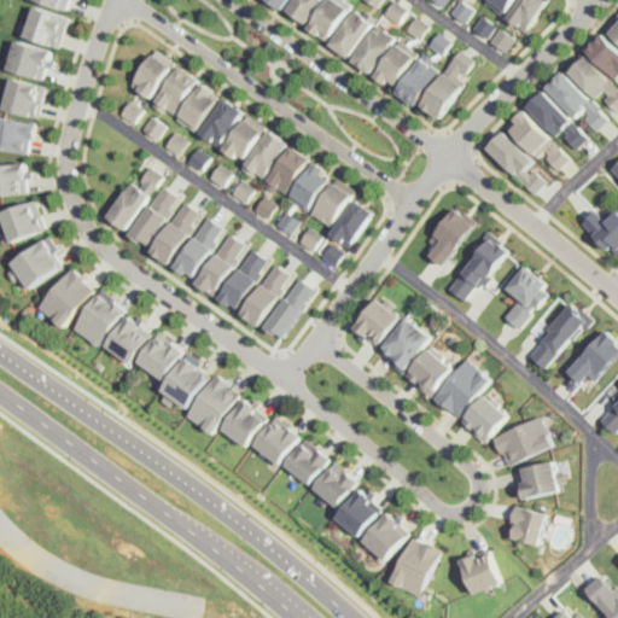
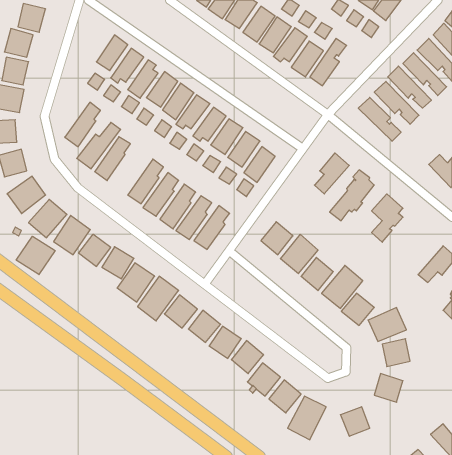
building: [148,202,197,262] -> [65,102,100,147]
building: [527,303,590,368] -> none
building: none -> [16,236,55,275]

